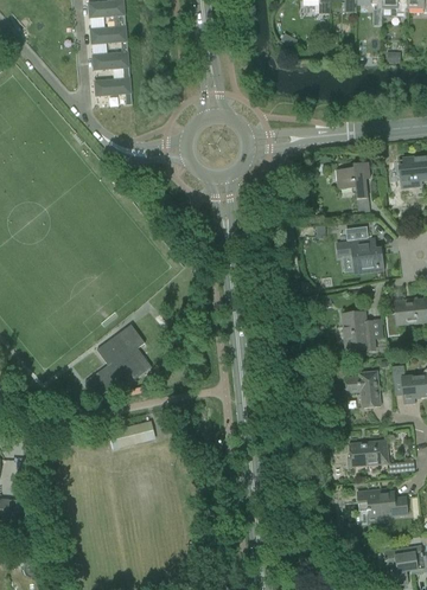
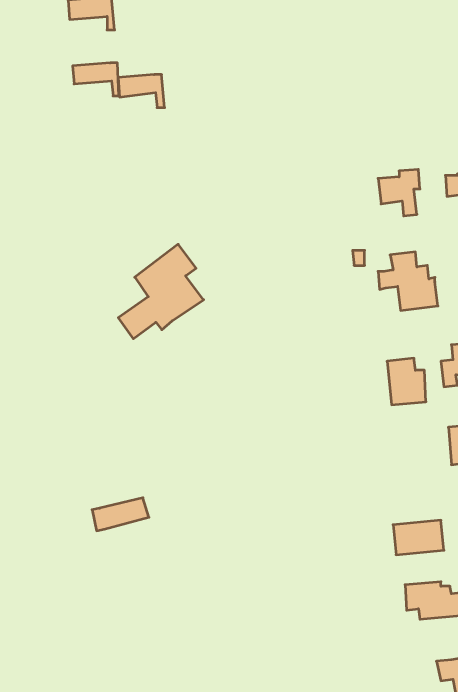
building: [93,52,129,78] -> [118,75,165,108]
building: [84,323,152,398] -> [118,244,204,339]
building: [344,371,380,408] -> none

